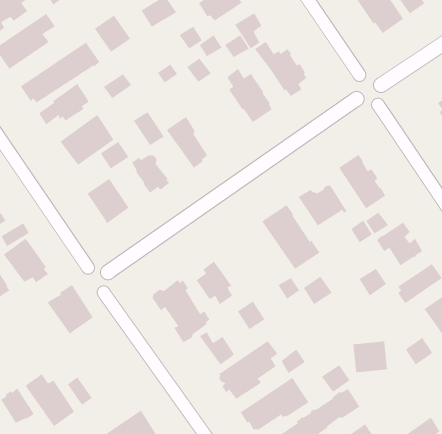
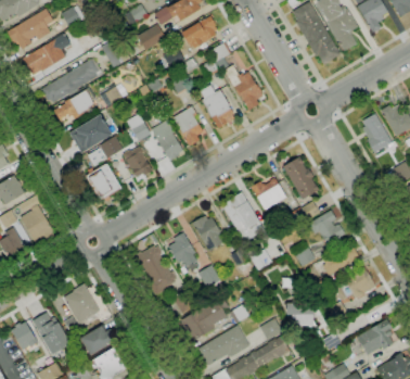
building: none -> [172,106,203,146]
building: none -> [191,216,226,251]
building: [47,284,94,335] -> [63,285,99,324]
building: none -> [79,323,116,356]

